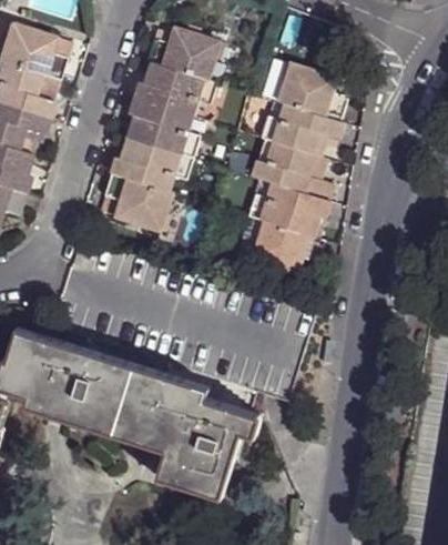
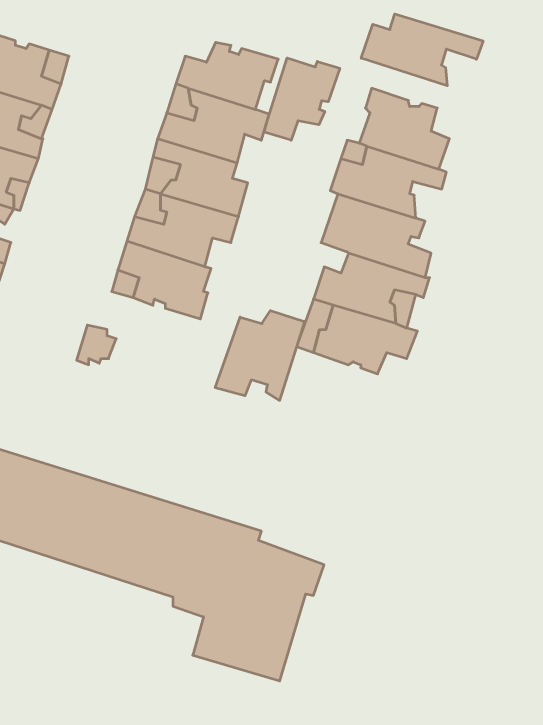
building: none -> [361,14,483,86]
building: none -> [264,58,340,140]
building: none -> [215,311,305,400]

